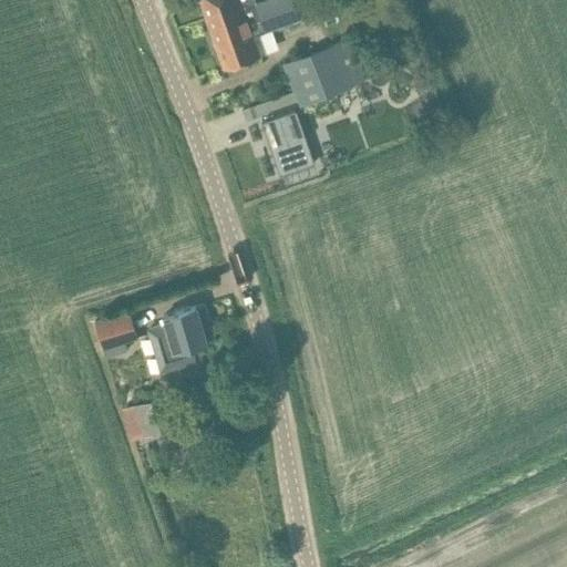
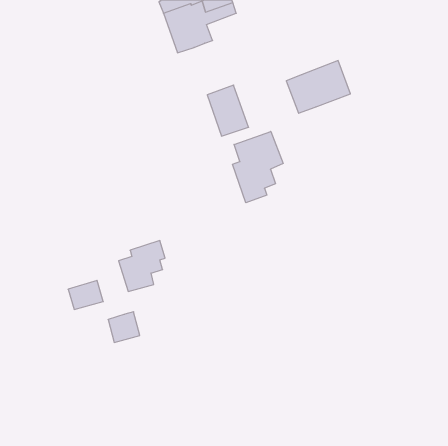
building: [284,40,364,106] -> [286,61,350,113]
building: none -> [233,131,283,203]
building: [92,312,136,349] -> [68,280,103,309]

